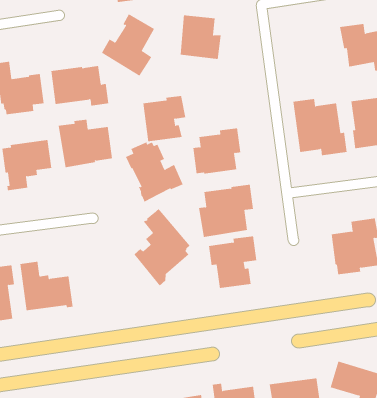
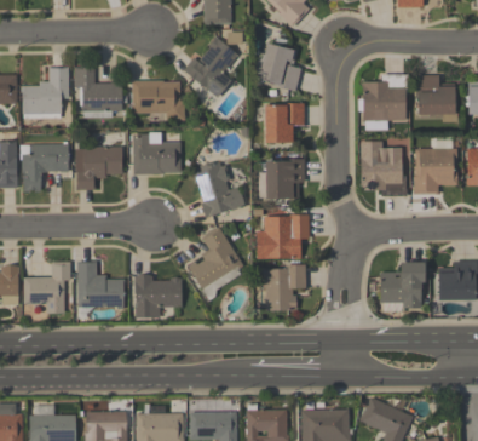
building: none -> [359,76,408,131]
building: [142,95,186,142] -> [265,104,305,144]
building: none -> [136,275,183,319]

